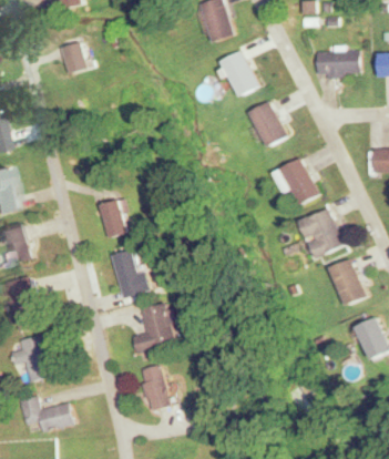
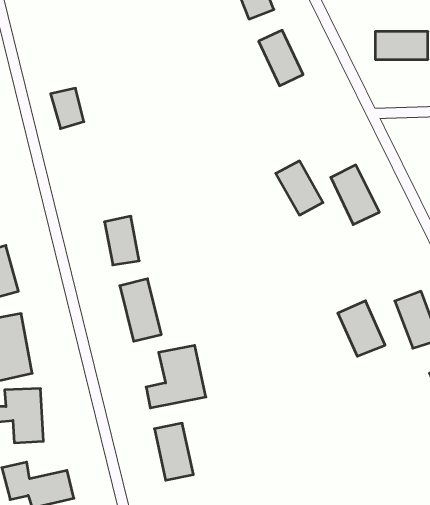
building: [60,41,86,73] -> [51,88,84,129]
building: [248,101,286,144] -> [276,161,323,215]
building: [305,207,342,252] -> [338,301,385,356]

